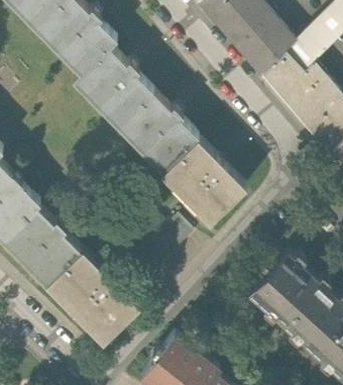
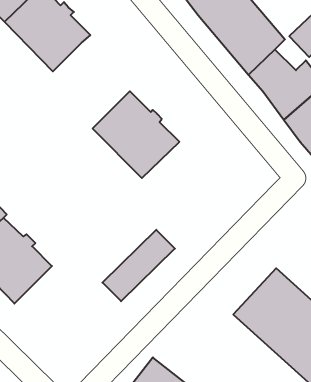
building: [74,44,152,123] -> none
building: [161,135,247,221] -> none
building: [46,249,140,343] -> none

